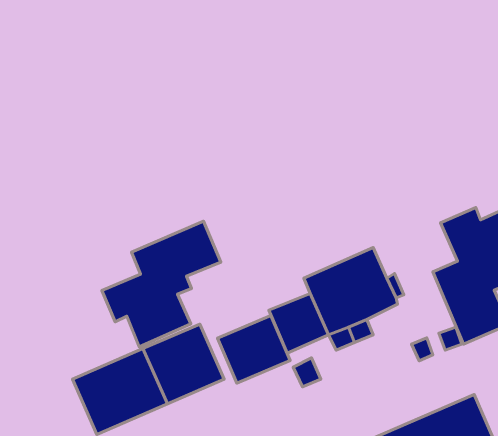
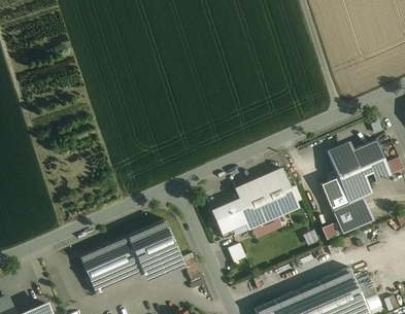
building: [102,221,221,347] -> none
building: [218,315,290,383] -> none

